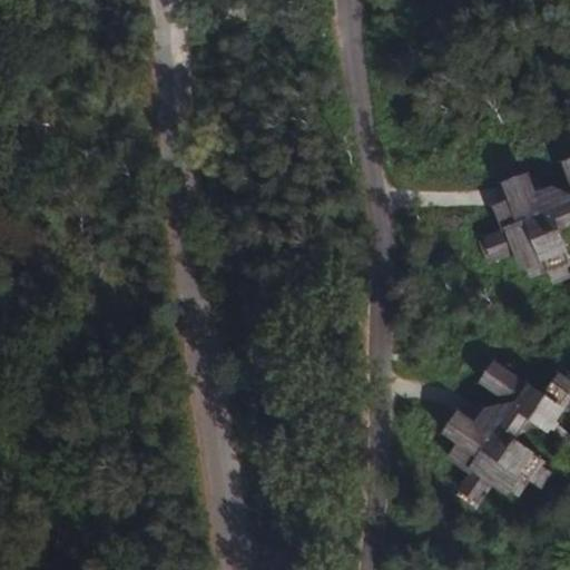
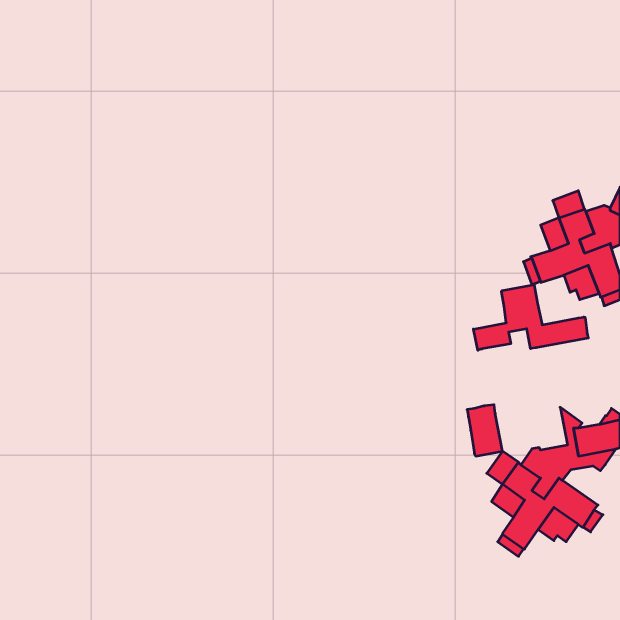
building: none -> [473,285,588,350]
building: [484,363,517,410] -> [467,405,503,456]

